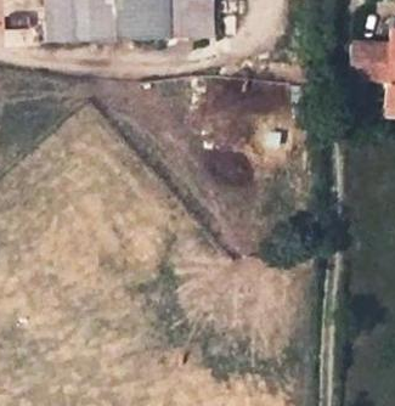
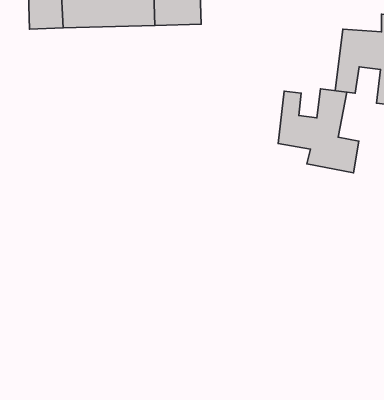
building: none -> [278,89,359,173]

